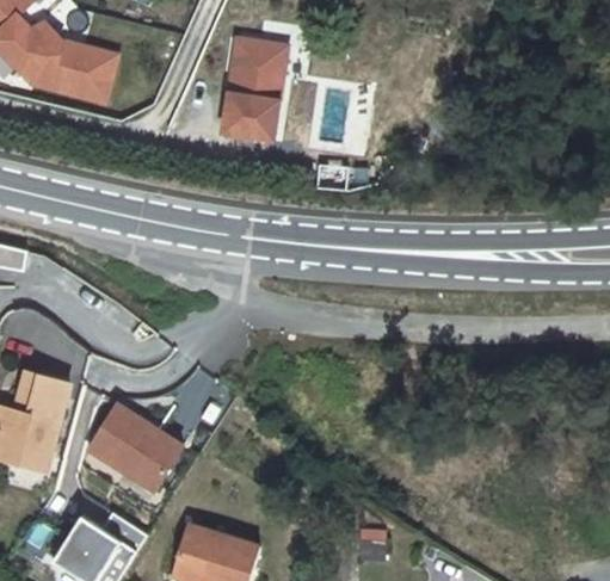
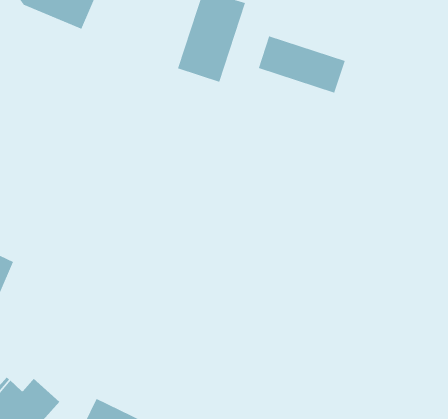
building: none -> [258,35,345,94]
building: [87,403,181,490] -> none

